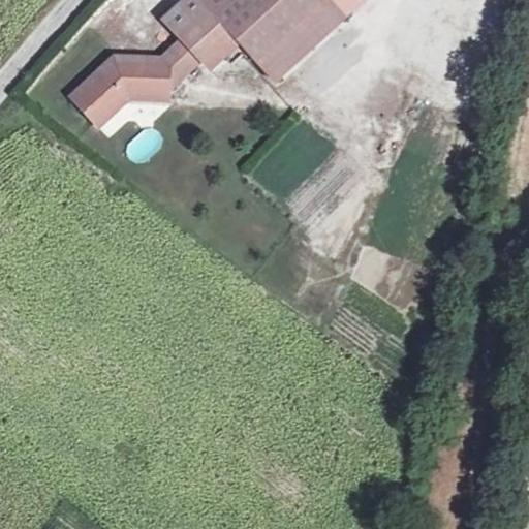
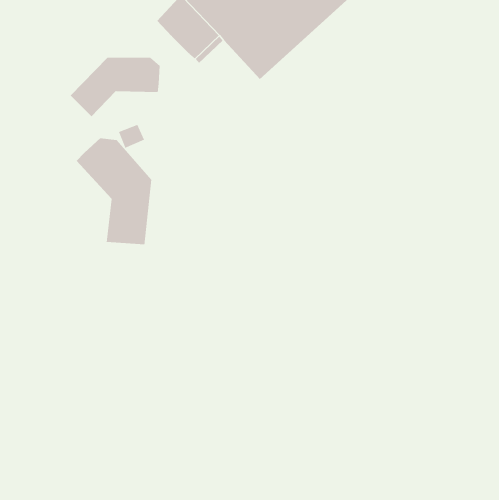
building: [158,38,198,88] -> none
building: none -> [76,137,152,245]

